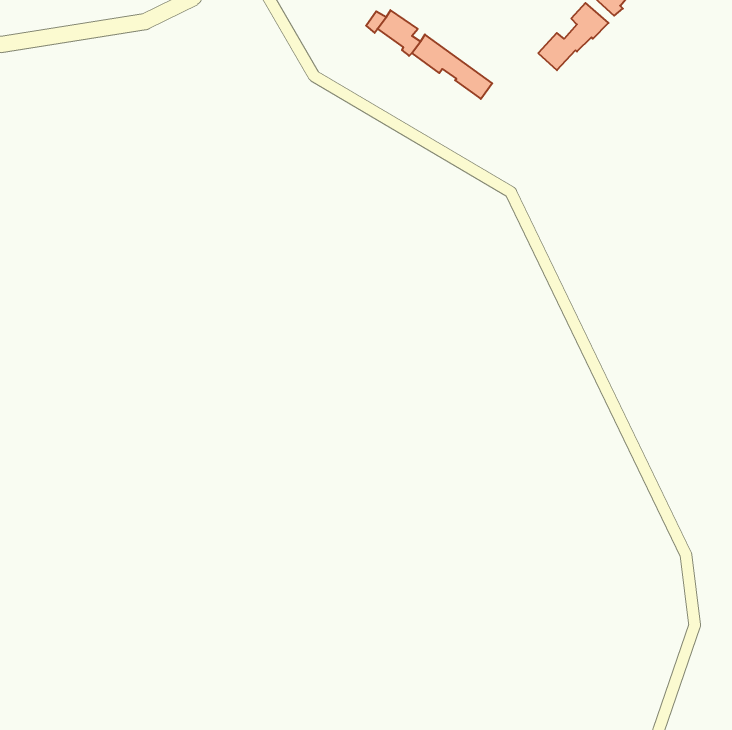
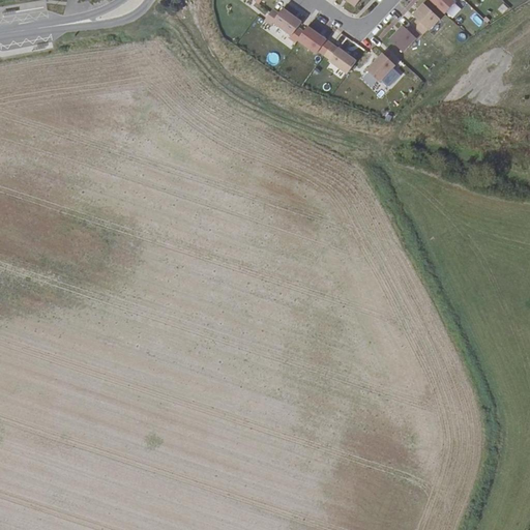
building: none -> [367,48,400,80]

